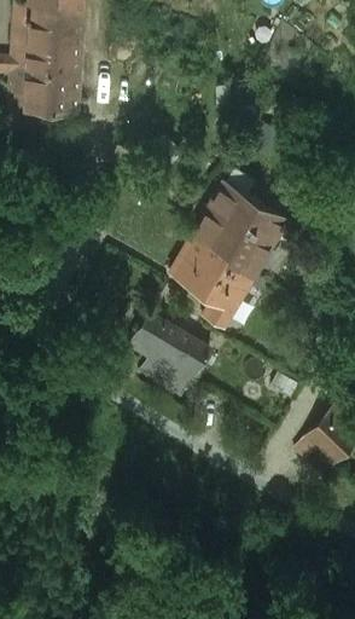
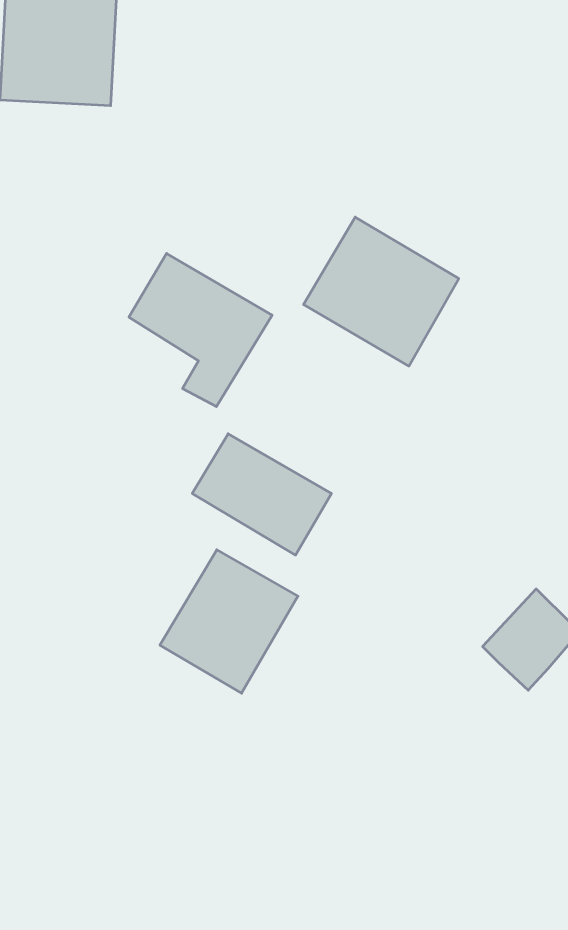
building: [170,235,257,328] -> [129,253,272,407]
building: none -> [160,550,298,693]

